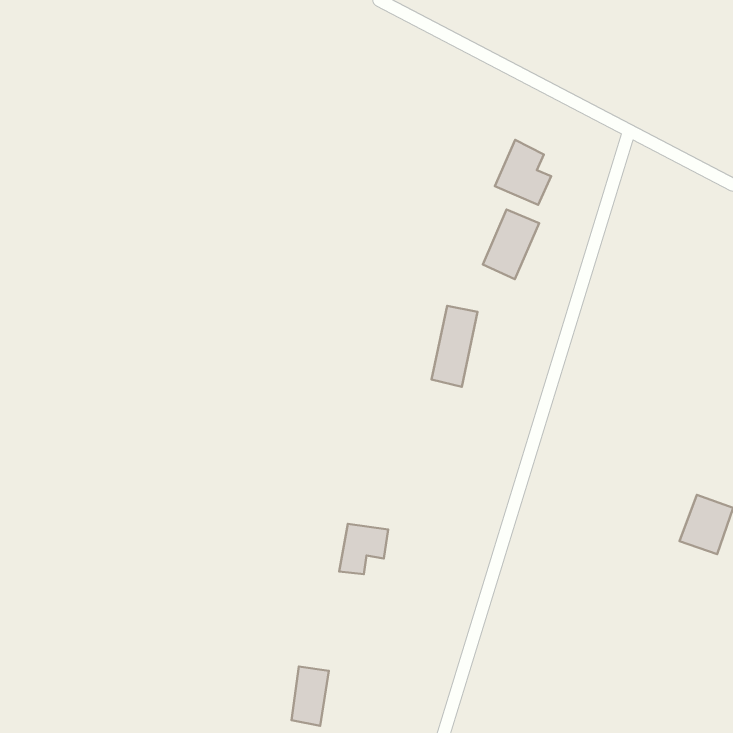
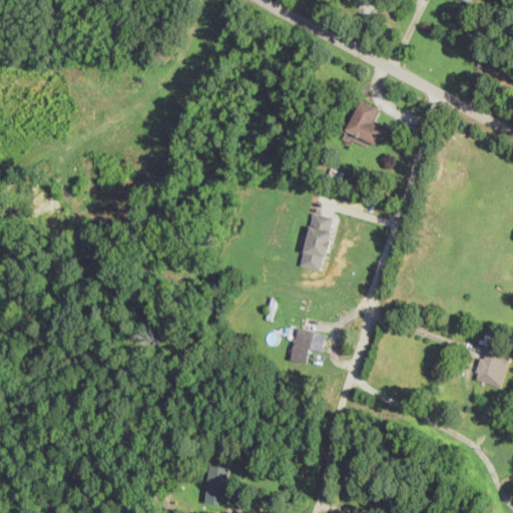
building: [483,210,539,279] -> none
building: [339,524,388,574] -> [289,329,323,364]

